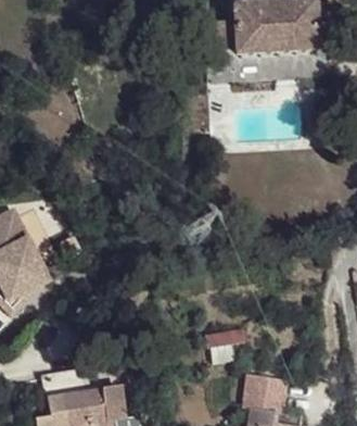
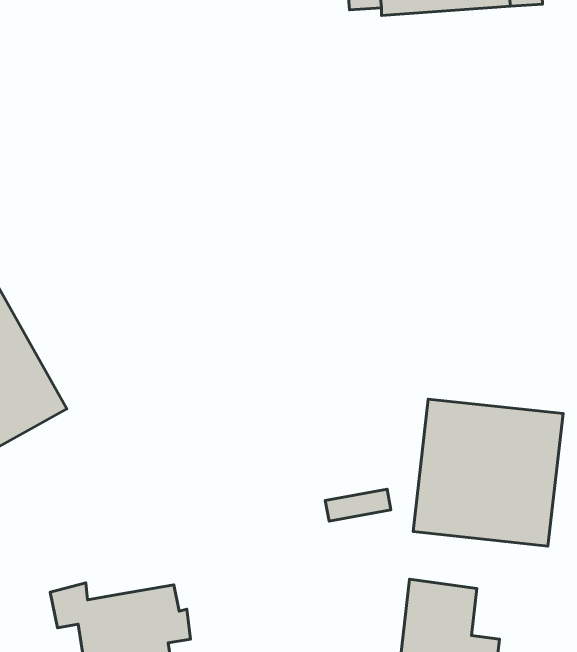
building: none -> [413,399,563,546]

